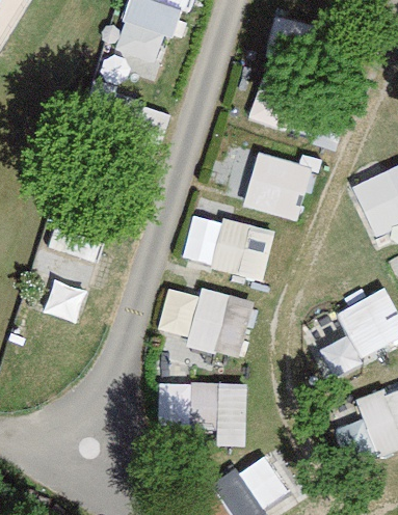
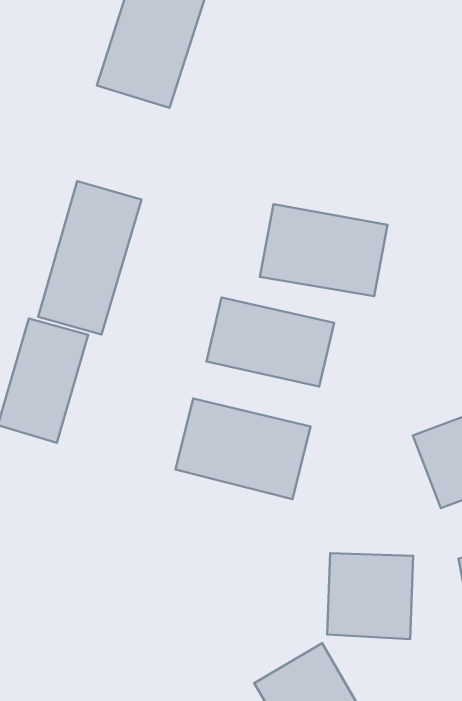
building: none -> [38,181,142,334]
building: [187,382,247,442] -> [327,553,413,639]

